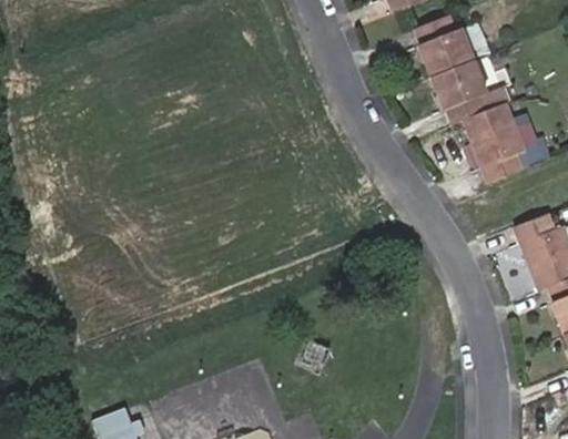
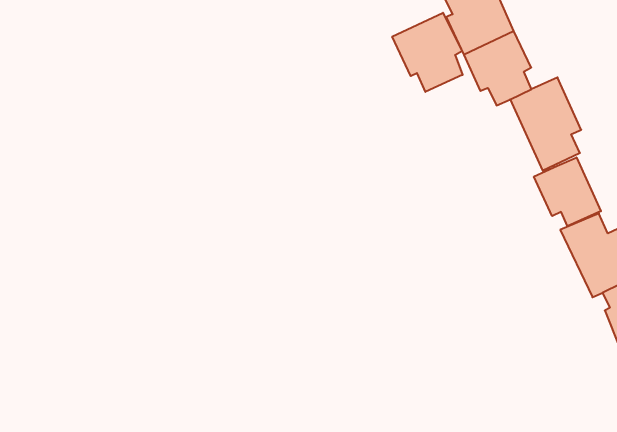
building: none -> [392,13,463,92]
building: none -> [534,157,601,226]

